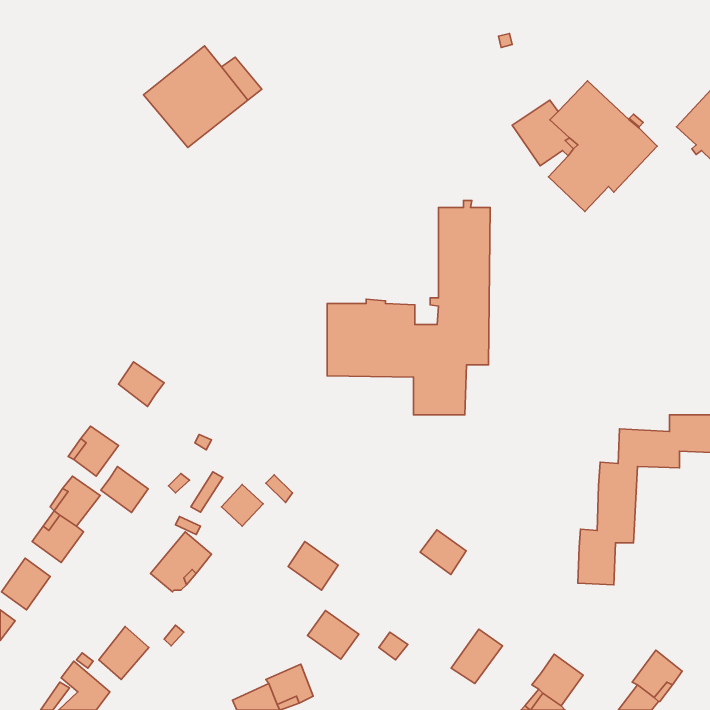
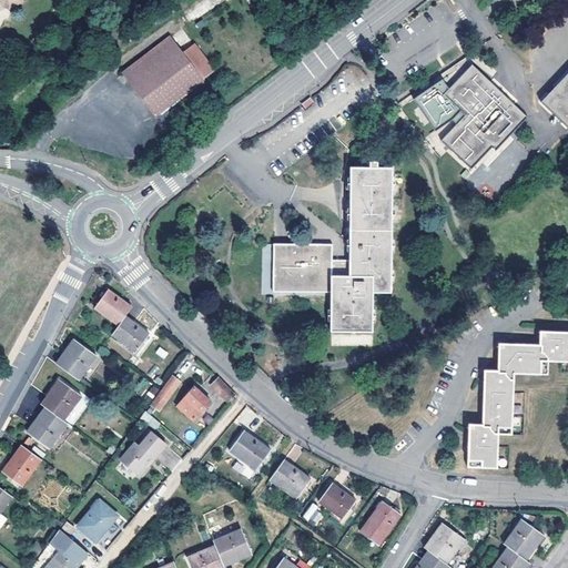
building: [101,467,148,512] -> [112,314,150,351]
building: [420,530,466,574] -> [320,484,356,519]
building: [307,610,359,659] -> [270,459,311,498]

